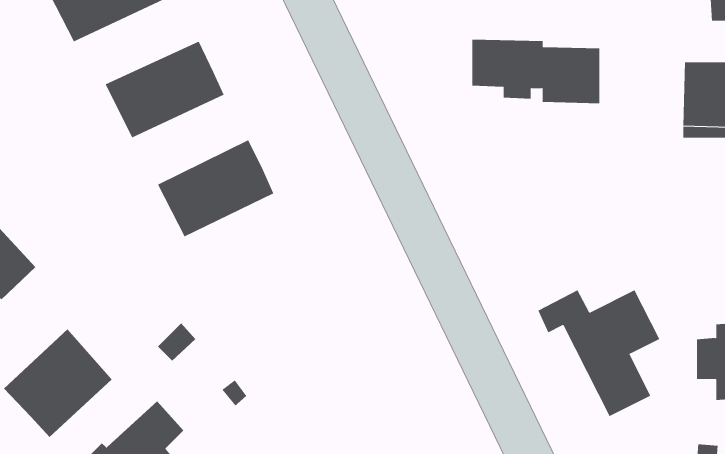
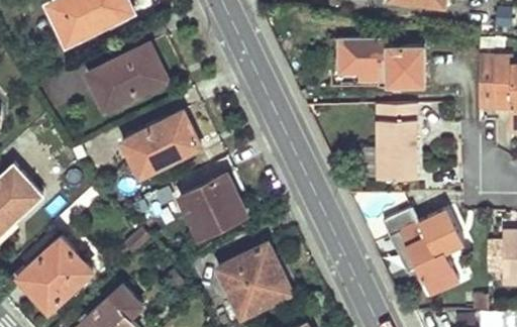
building: none -> [376,107,415,181]
building: none -> [180,175,244,236]
building: none -> [218,244,291,316]

